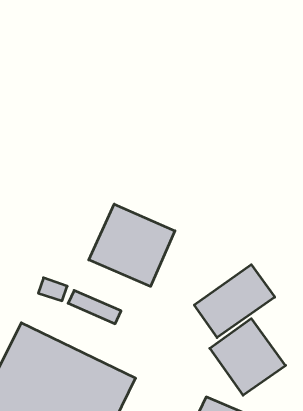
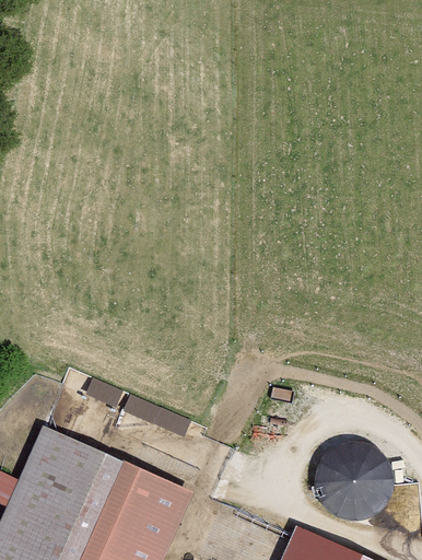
building: [89,204,175,286] -> none
building: [194,265,275,338] -> none

